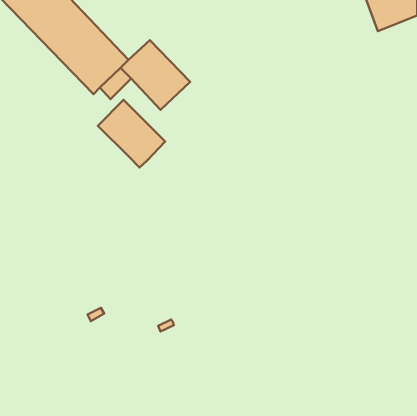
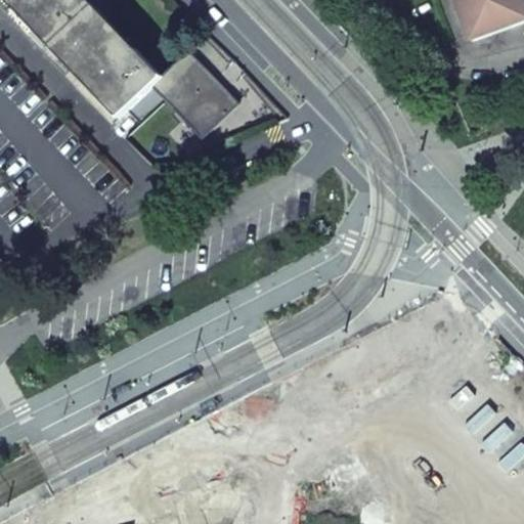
building: [98,100,165,168] -> none

